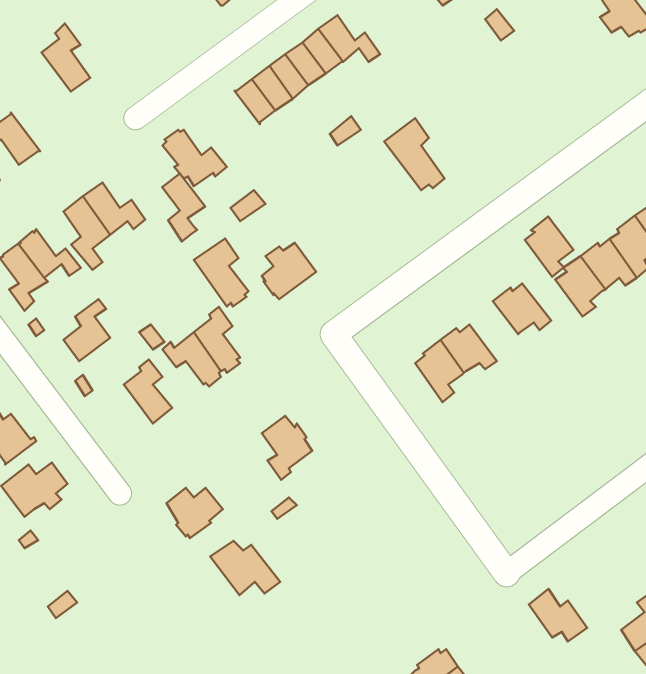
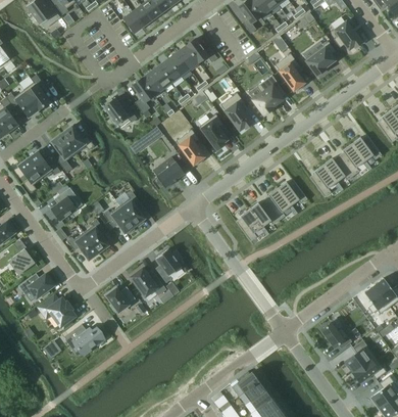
building: none -> [306,41,336,76]
building: [42,23,90,92] -> [24,74,50,109]
building: none -> [275,53,304,90]
building: none -> [253,75,286,114]
building: none -> [199,114,227,149]
building: [162,174,205,242] -> [133,78,155,113]
building: [525,217,574,277] -> [265,188,291,220]
building: [194,239,248,307] -> [176,129,204,165]
building: none -> [67,232,99,260]
building: none -> [39,294,76,328]
building: [210,541,280,595] -> [131,268,167,296]
building: none -> [65,323,105,354]
building: [529,589,587,641] -> [321,321,352,349]

